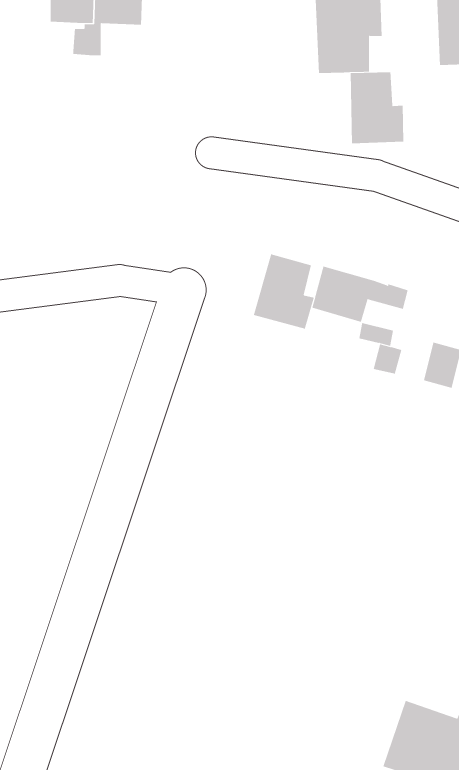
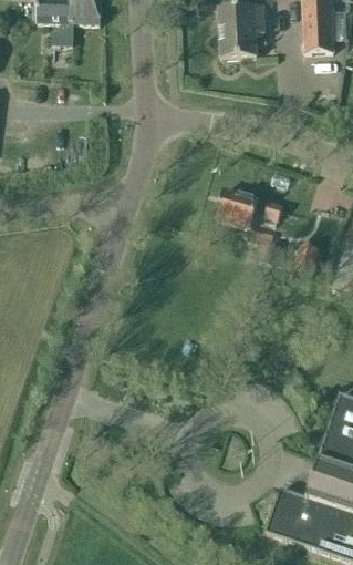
building: [350,71,404,144] -> none
building: [253,254,314,330] -> none

